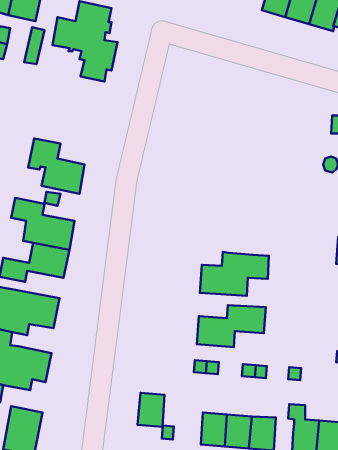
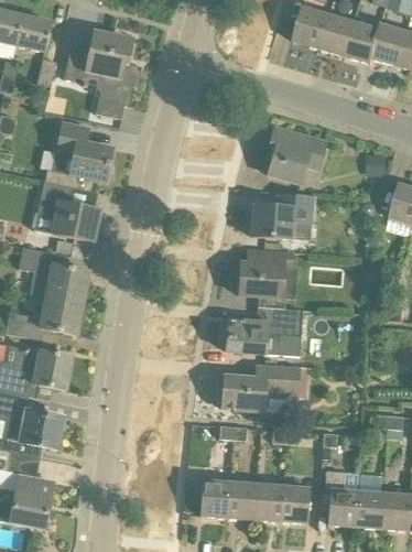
building: none -> [43,122,111,186]
building: none -> [267,127,324,183]
building: none -> [250,193,313,240]
building: none -> [238,249,295,309]
building: [137,393,165,427] -> [198,479,228,517]

